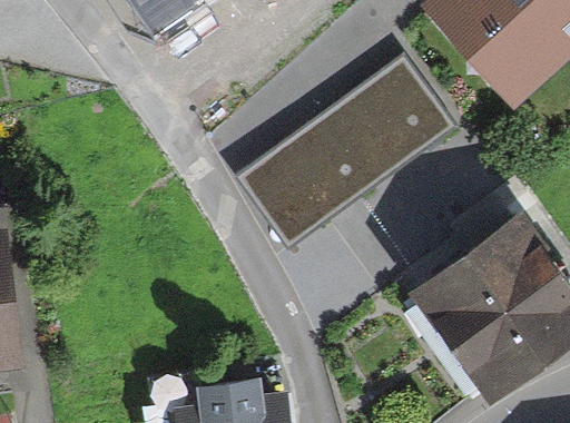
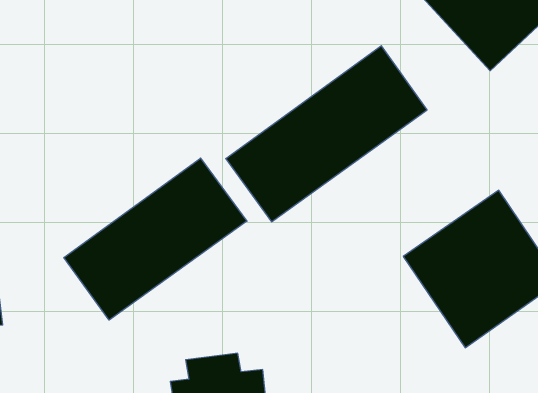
building: none -> [64,158,247,320]

